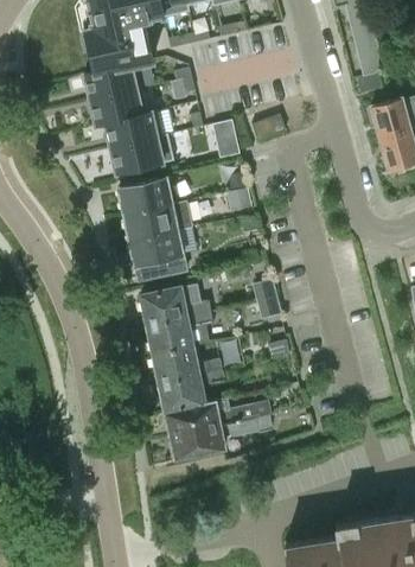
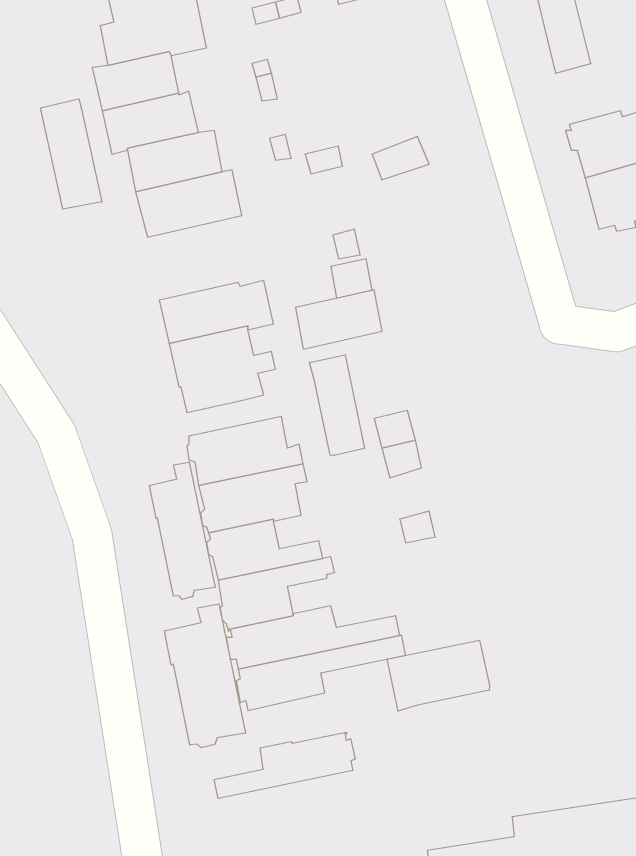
building: none -> [40,99,102,209]
building: [119,178,171,214] -> [295,290,382,349]
building: none -> [309,355,364,456]
building: none -> [149,462,215,599]
building: none -> [164,604,246,748]
building: none -> [387,640,489,711]
building: none -> [214,732,355,798]

